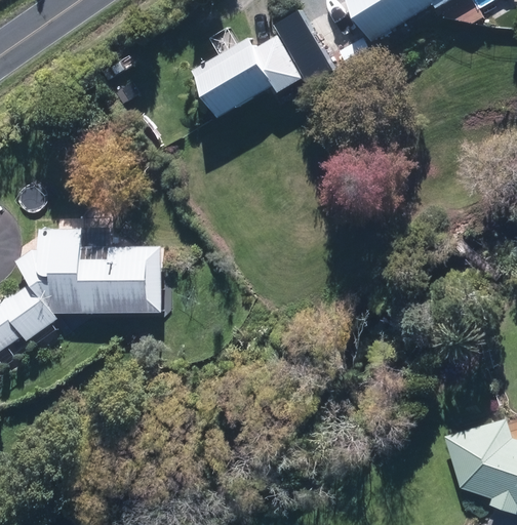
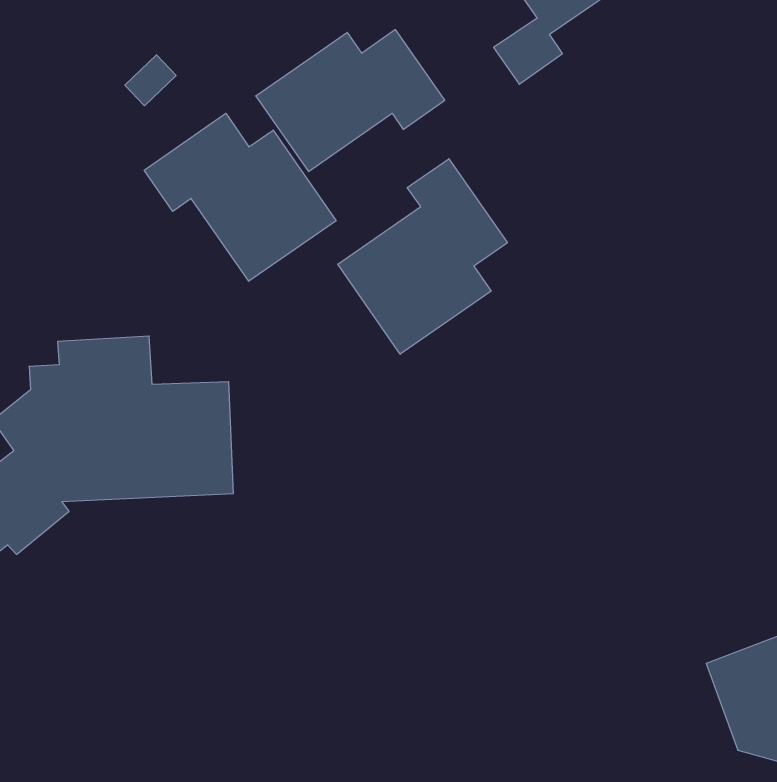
building: none -> [144,113,336,281]
building: none -> [338,159,507,354]

